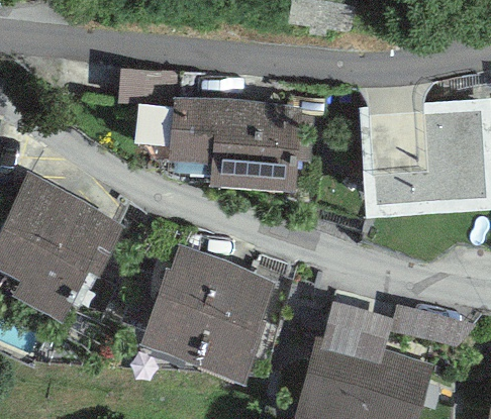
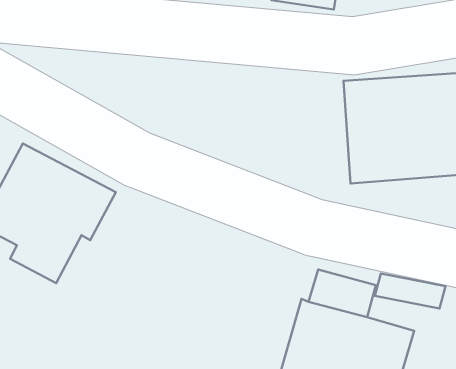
building: [170,97,303,189] -> none
building: [141,247,276,379] -> none

